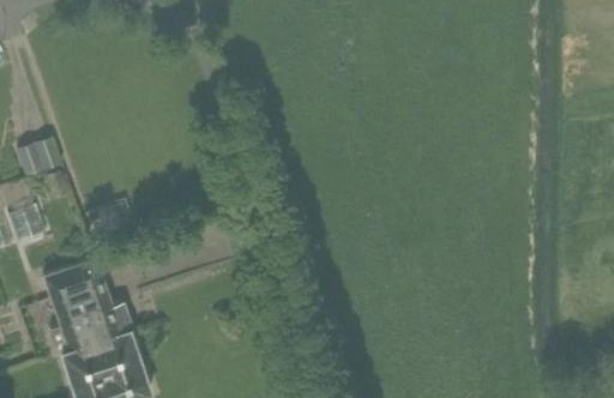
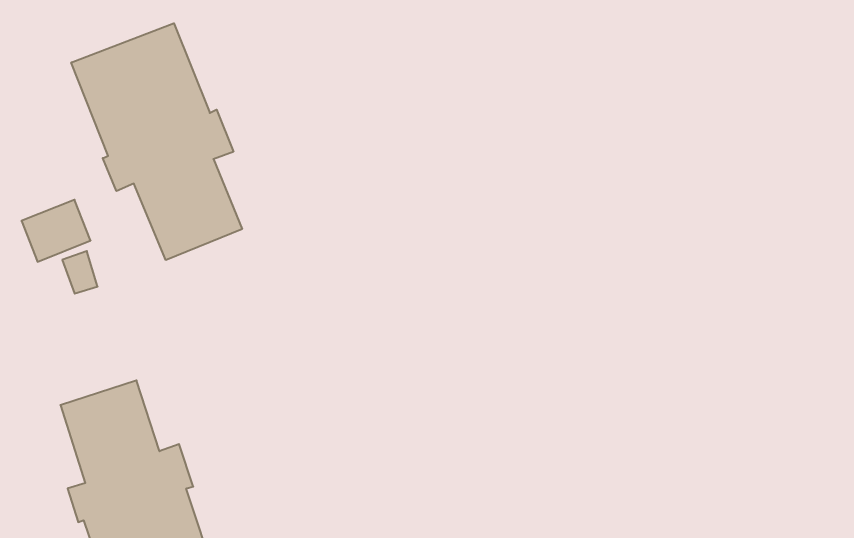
building: none -> [71,23,242,260]

